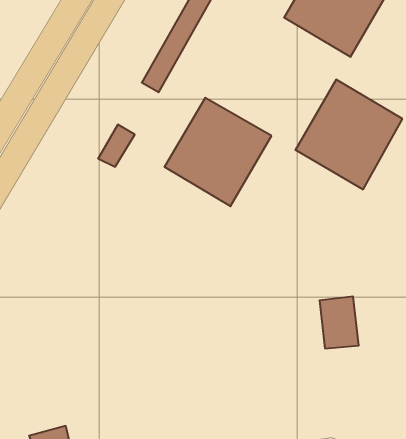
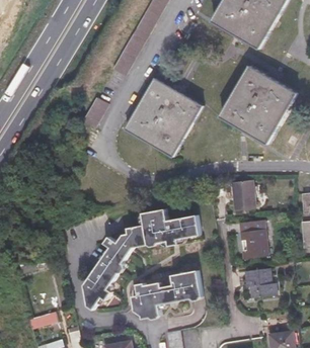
building: none -> [231,181,255,210]
building: none -> [81,207,200,312]
building: none -> [243,267,276,298]
building: none -> [129,268,200,317]

